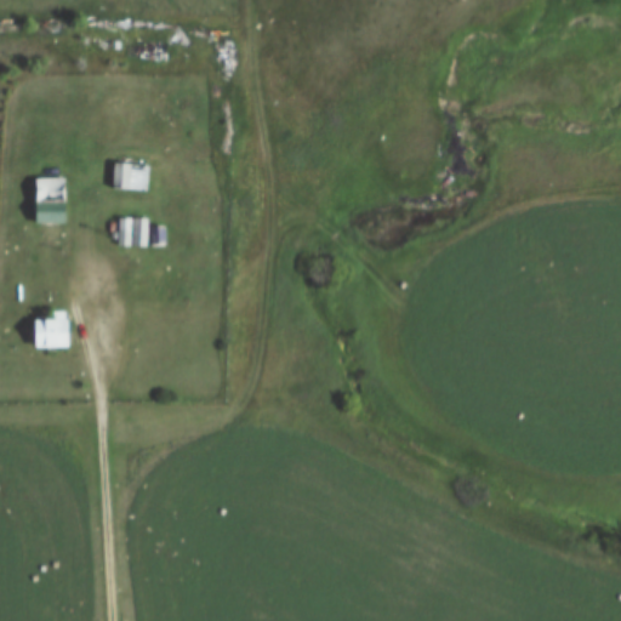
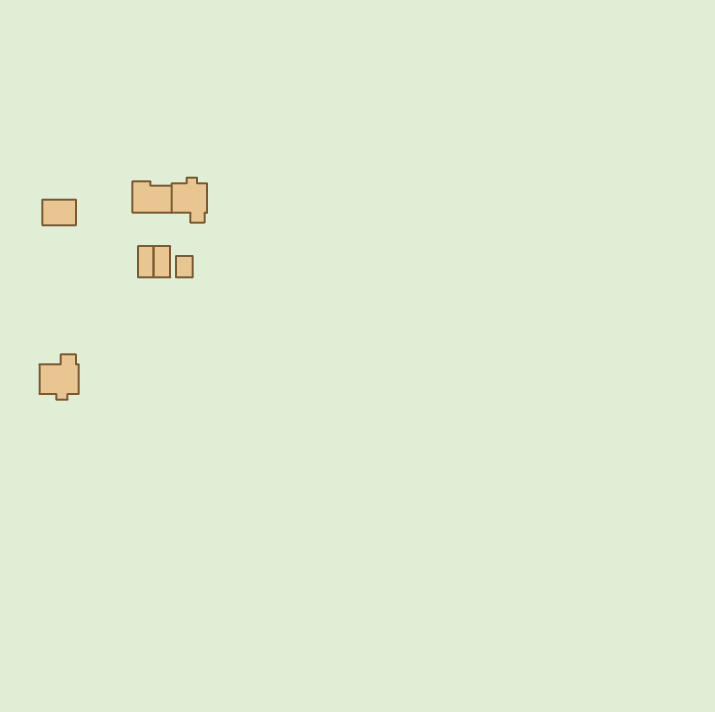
building: none -> [172,178,207,223]
building: [36,200,65,222] -> none

